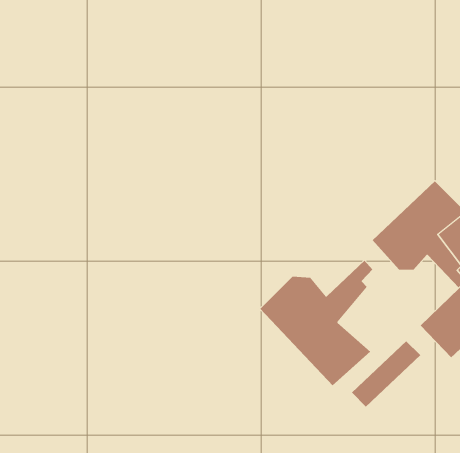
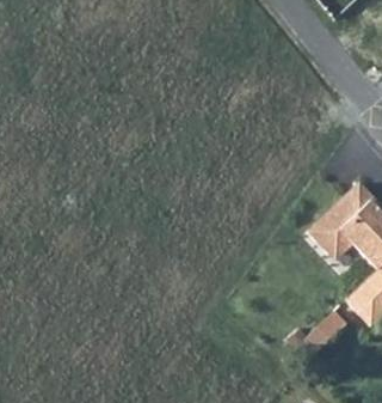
building: [260,260,373,386] -> none

